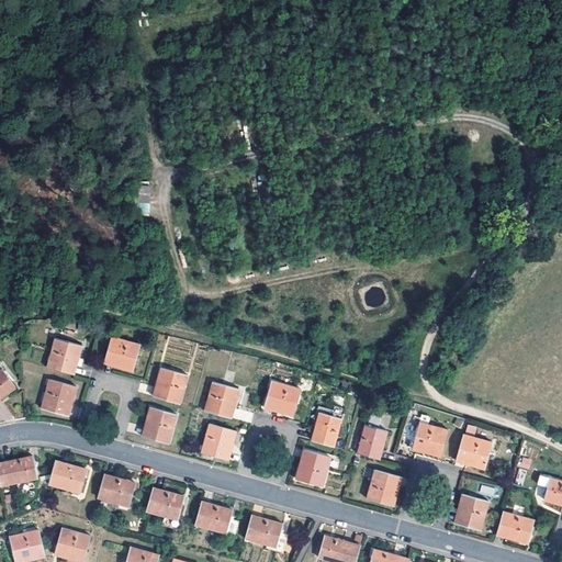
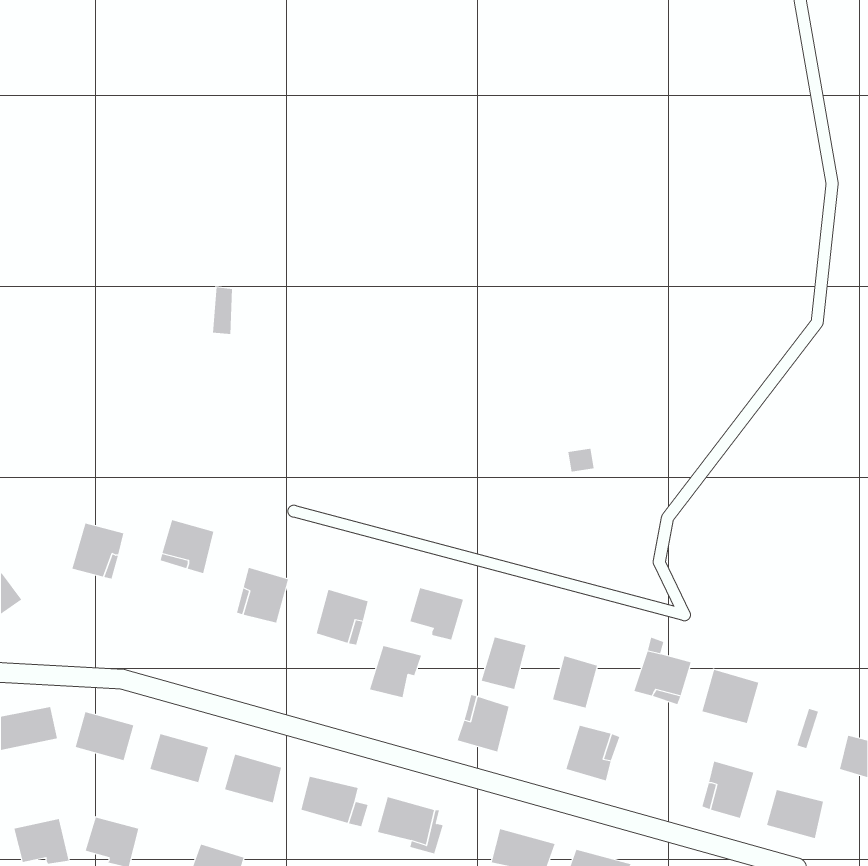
building: [41,380,75,416] -> none
building: [144,408,176,445] -> none
building: [201,425,235,459] -> [369,645,422,698]

